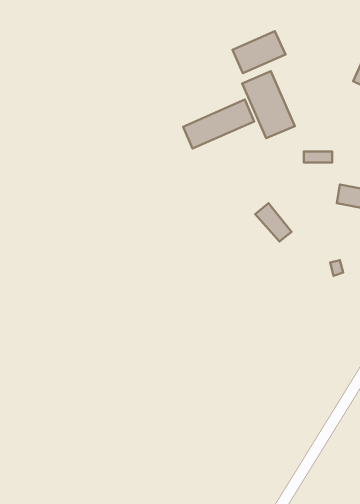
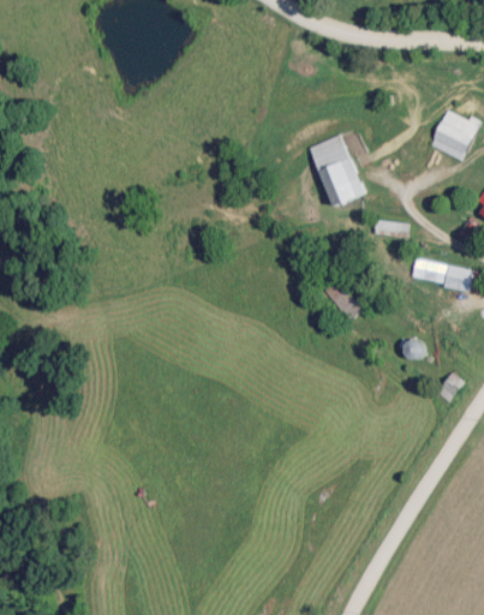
building: [232,31,285,73] -> none
building: [183,100,254,149] -> none

